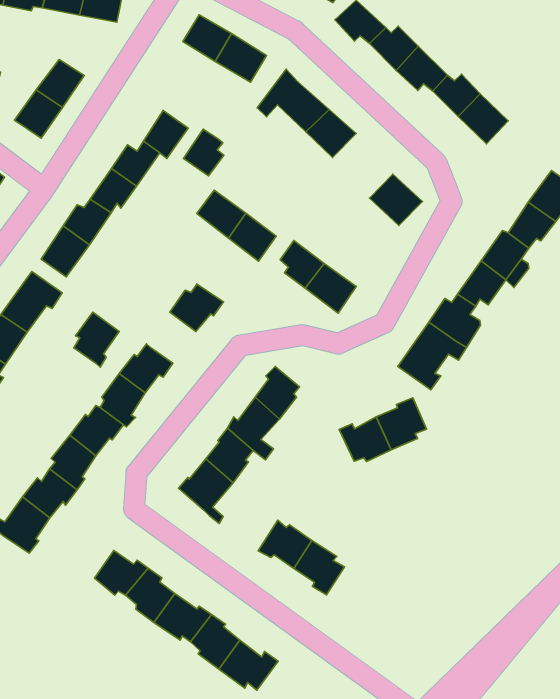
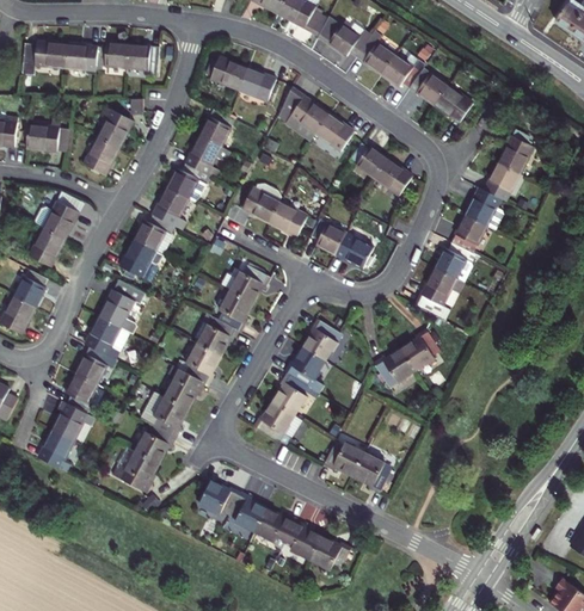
building: [184,129,224,176] -> [201,107,232,143]
building: none -> [350,141,387,177]
building: [74,312,119,367] -> [219,289,252,331]

